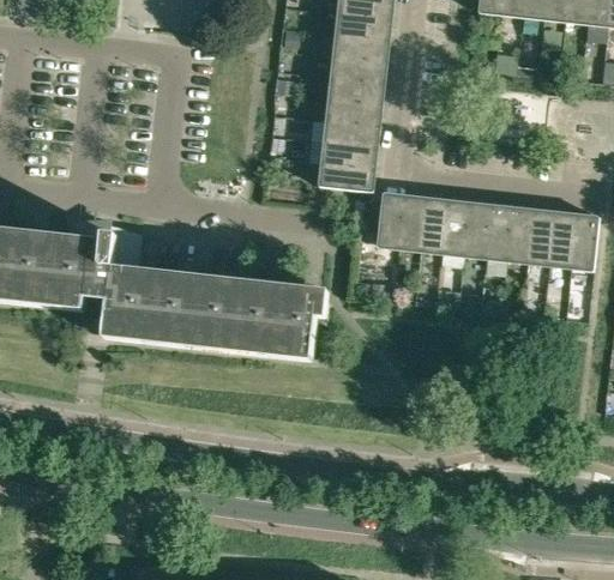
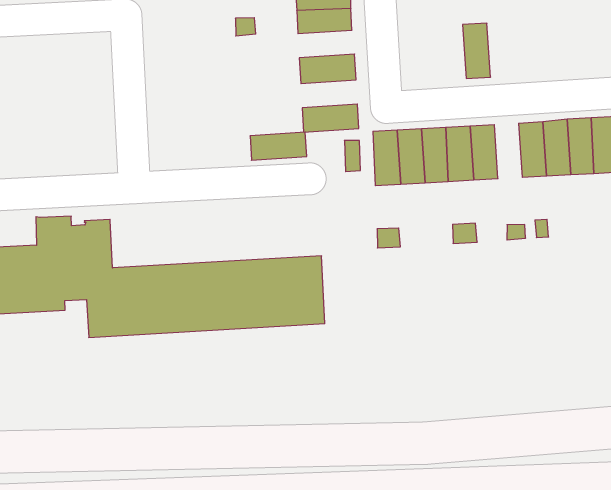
building: [327,97,378,123] -> none
building: [323,141,374,168] -> [250,132,307,160]
building: [484,206,511,256] -> [463,23,491,78]

